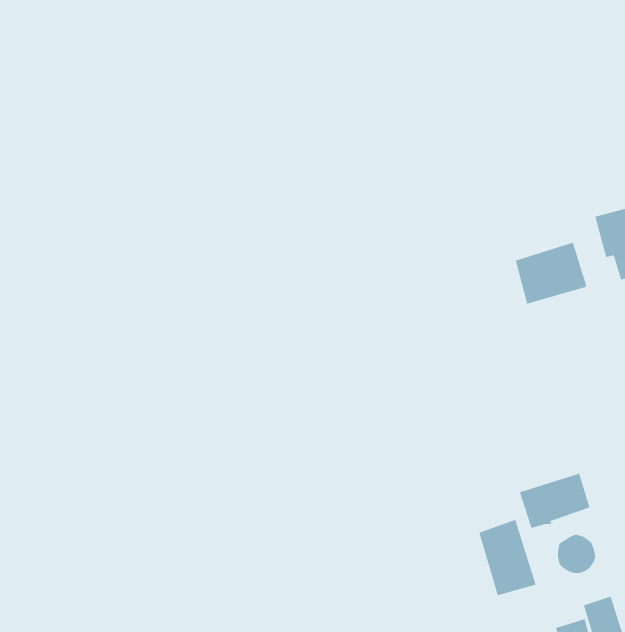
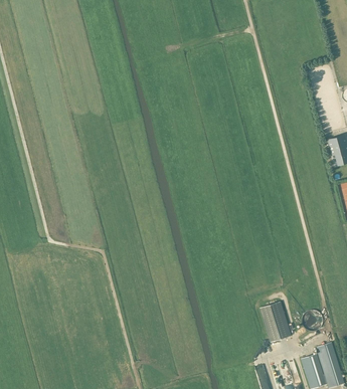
building: [515,242,587,305] -> none
building: [519,473,590,529] -> none

